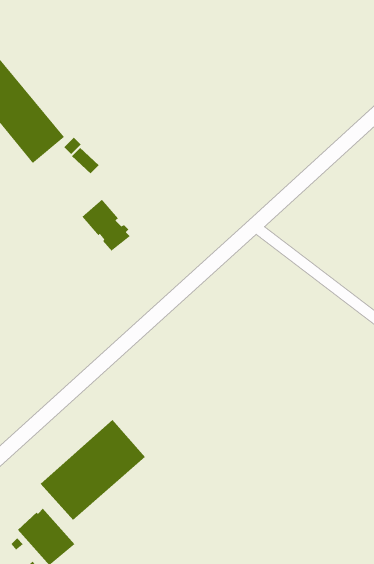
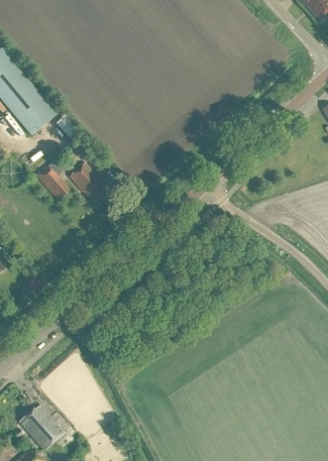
building: none -> [34,161,70,200]
building: [40,419,146,521] -> none

